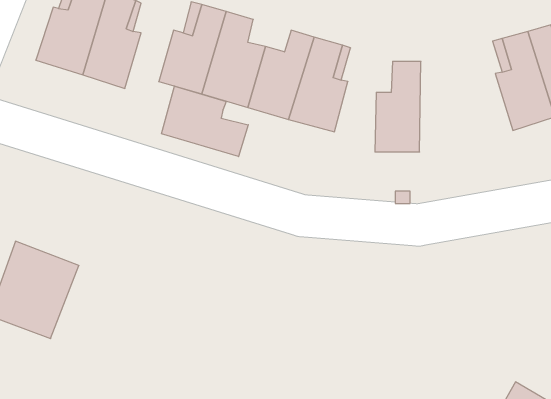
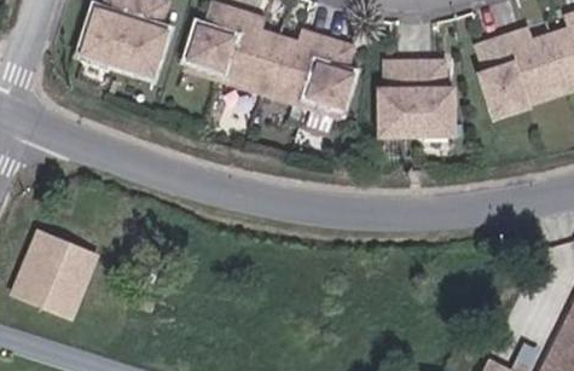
building: none -> [406,64,447,146]
building: [162,86,248,157] -> none

